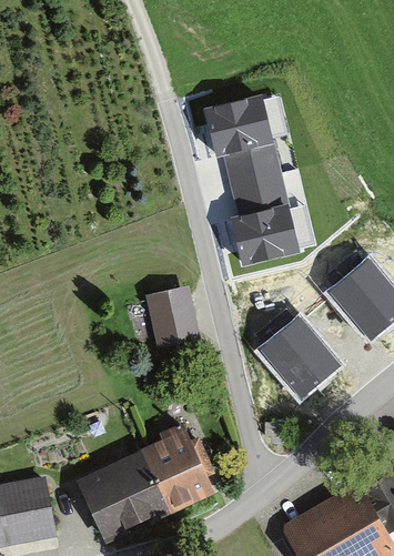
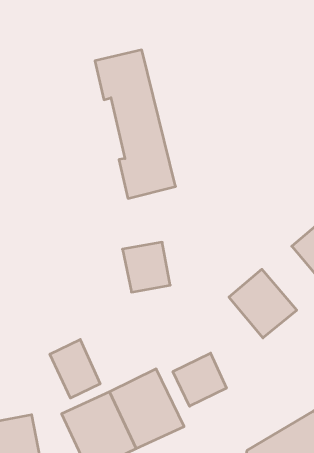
building: [209,100,299,265] -> [95,50,176,198]
building: none -> [50,339,100,398]
building: none -> [173,353,226,406]

